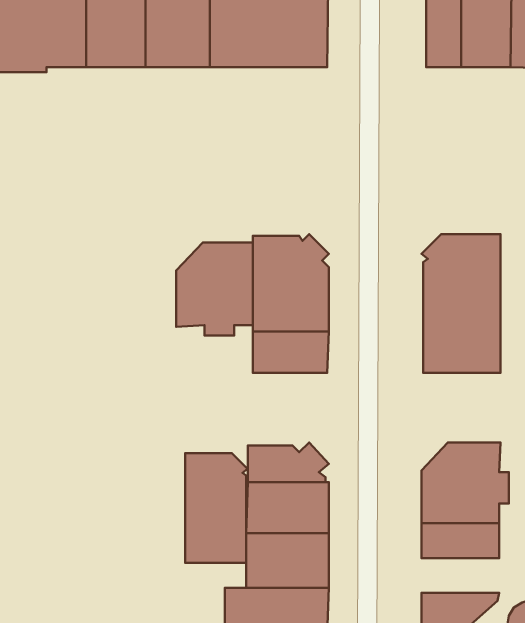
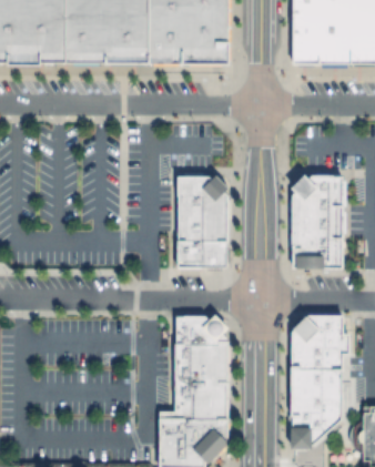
building: [176,243,253,336] -> none
building: [185,453,248,563] -> none
building: none -> [291,390,343,414]

